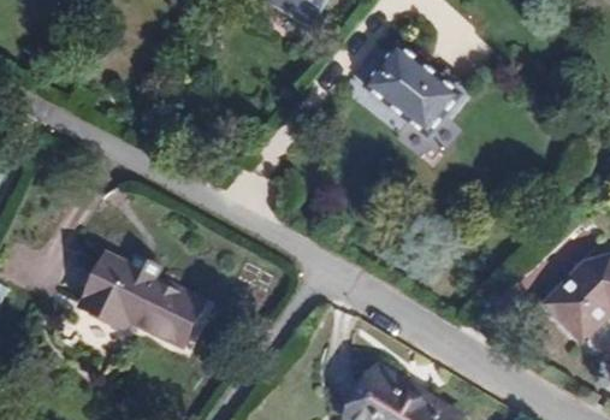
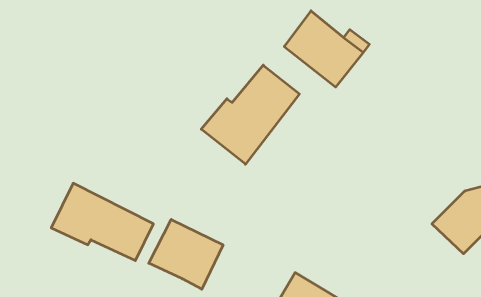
building: none -> [201,65,299,164]
building: none -> [149,219,223,289]

